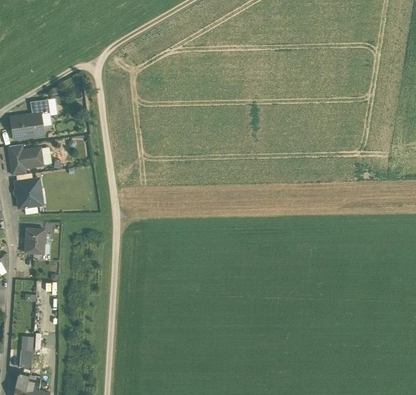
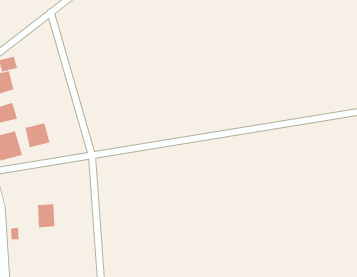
building: none -> [25,123,50,148]
building: [24,229,44,254] -> [37,204,55,228]

